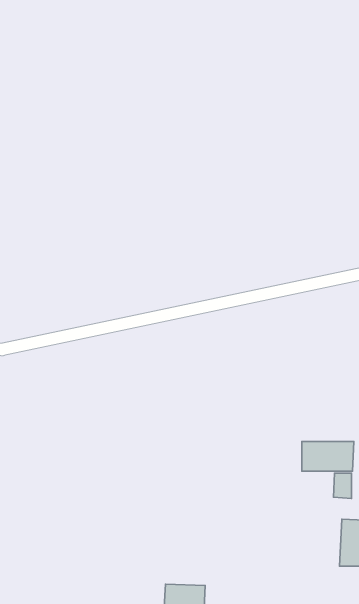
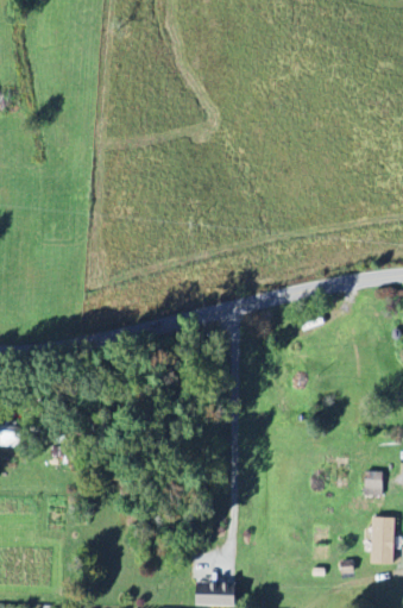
building: [302,441,354,471] -> none

